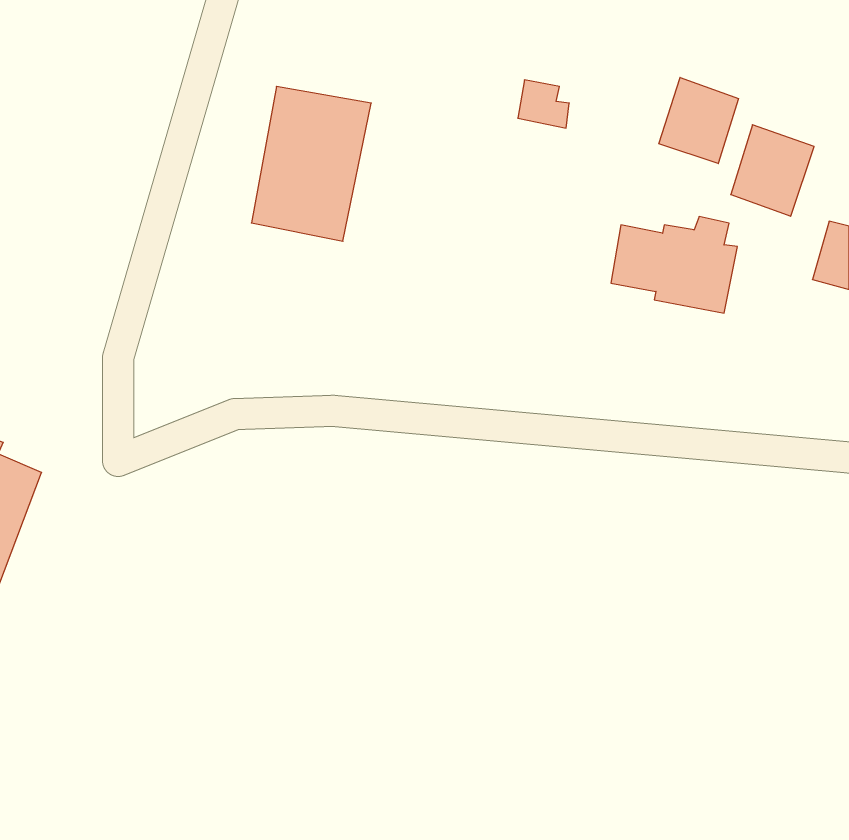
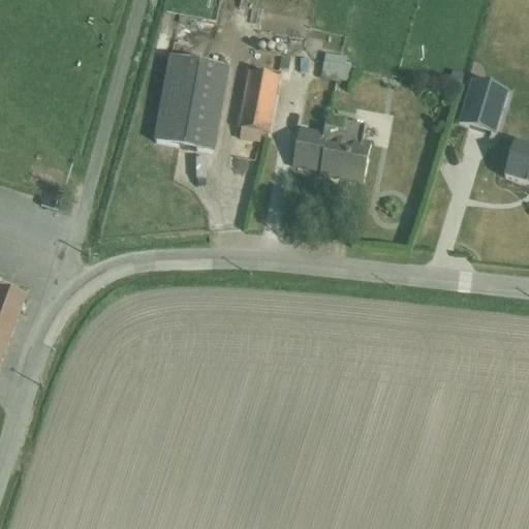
building: [659,77,739,164] -> none
building: none -> [238,68,280,139]
building: [611,217,737,313] -> [292,120,371,180]

